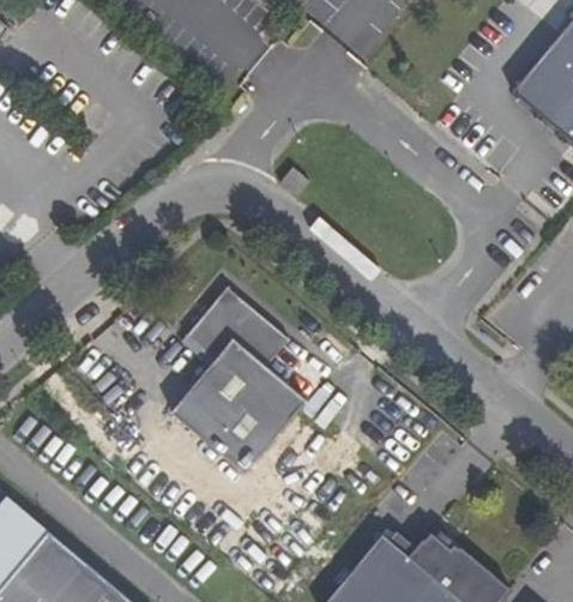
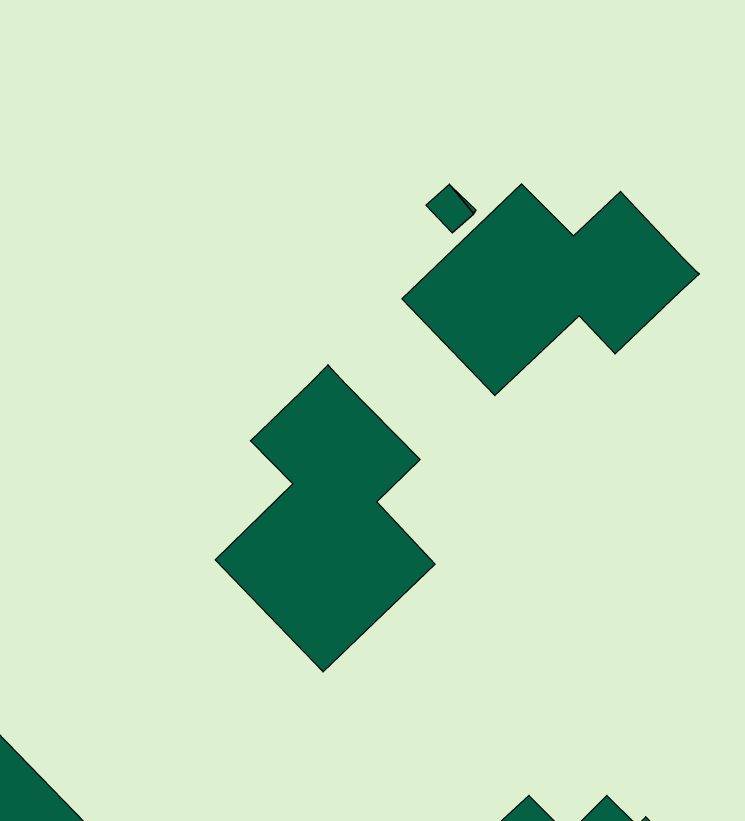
building: none -> [402,184,699,396]

